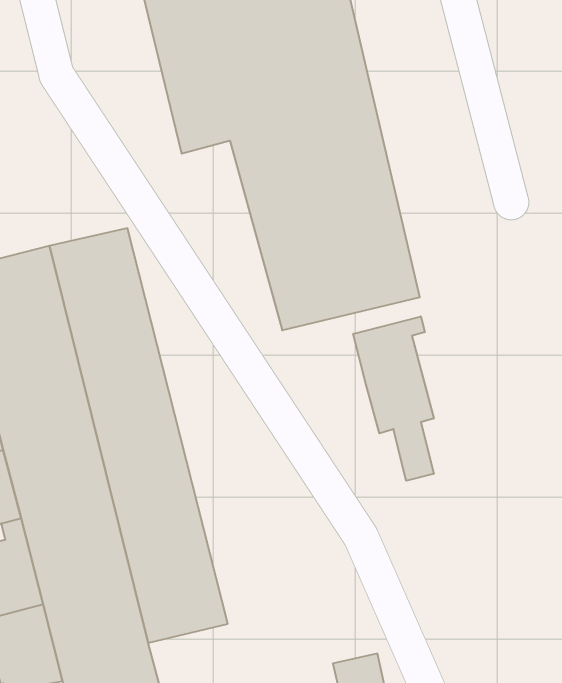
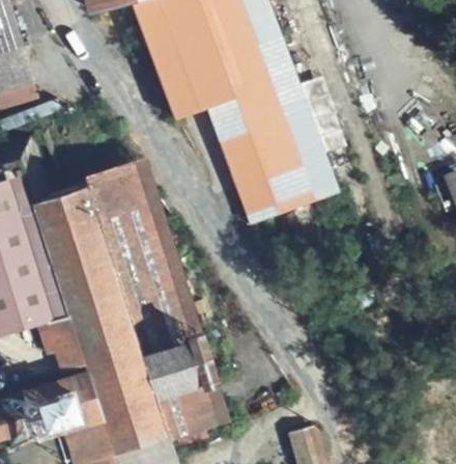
building: [353,316,434,481] -> none

